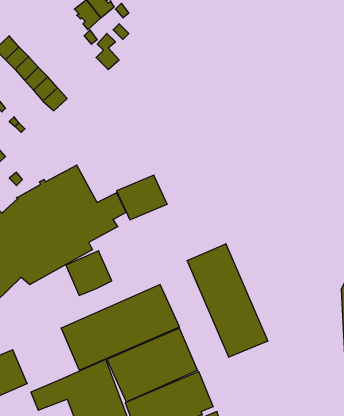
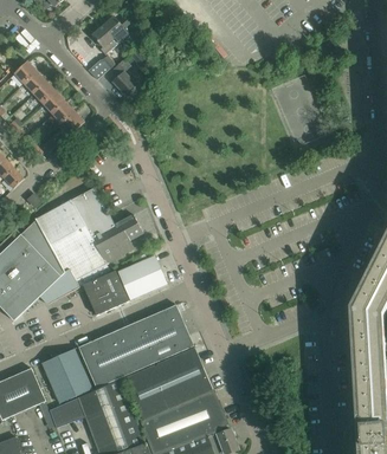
building: [117,175,167,220] -> [117,255,167,299]
building: [187,244,268,357] -> none
building: none -> [41,348,92,403]

